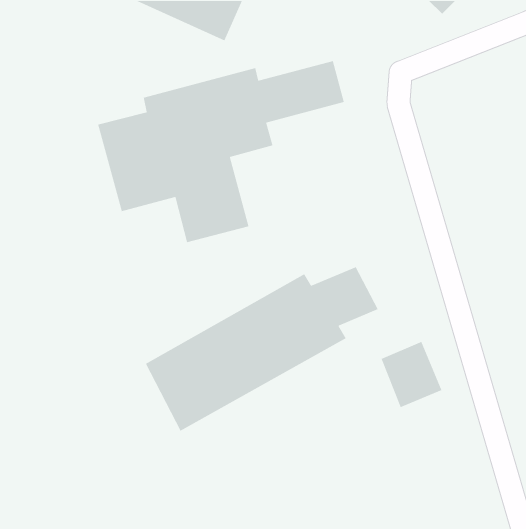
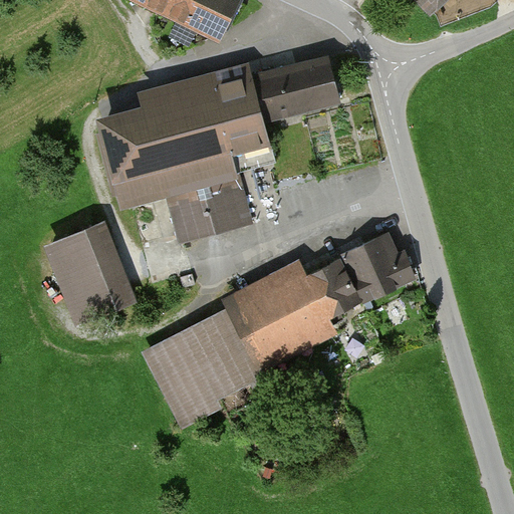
building: none -> [44,225,132,322]
building: [380,341,443,408] -> [352,231,413,296]

